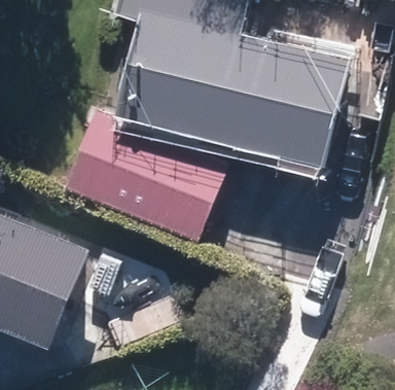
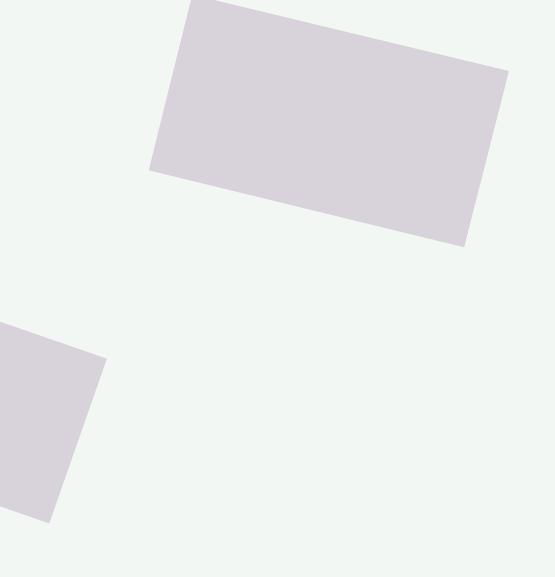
building: [66,114,217,231] -> none

